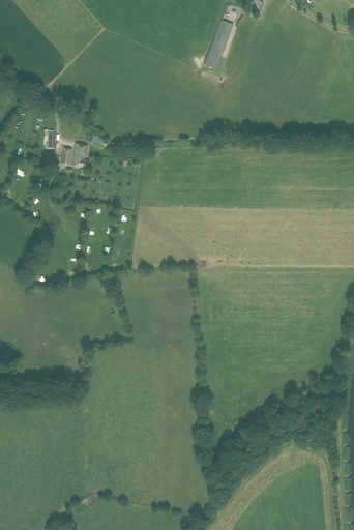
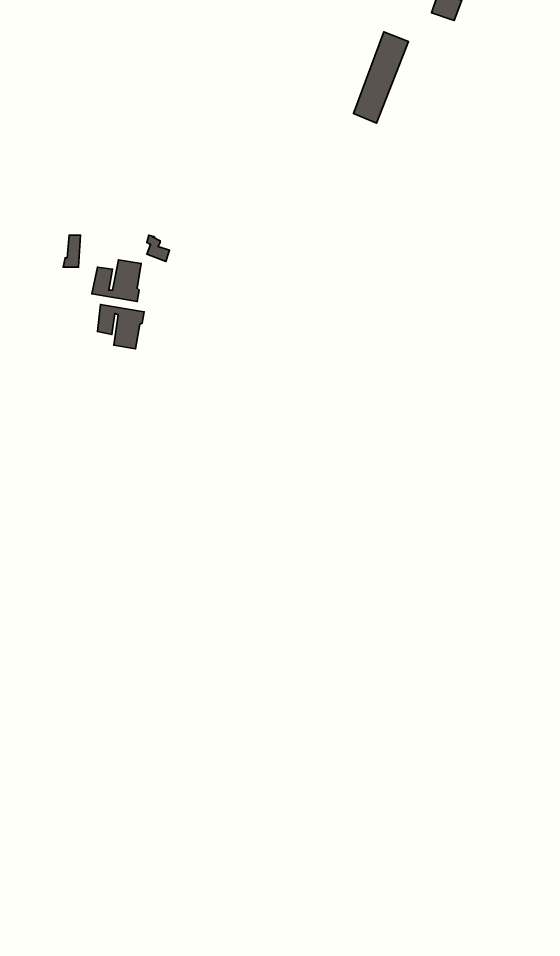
building: none -> [97,304,144,349]

